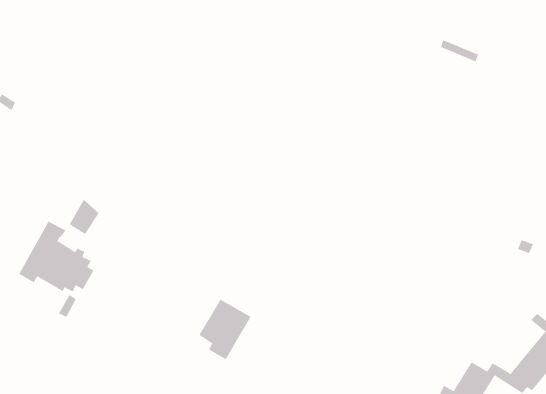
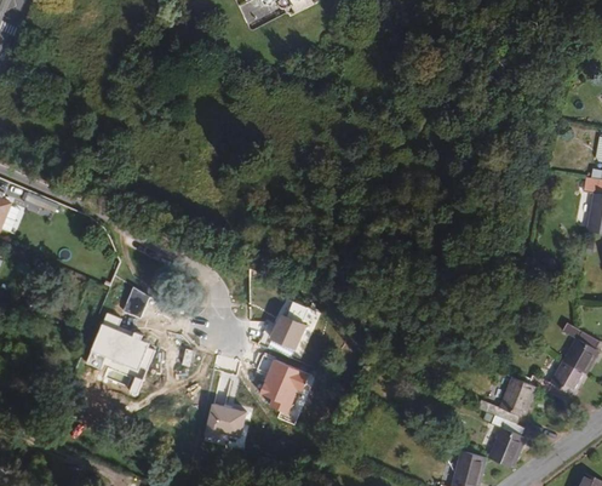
building: none -> [266,313,305,350]
building: none -> [202,401,245,441]

